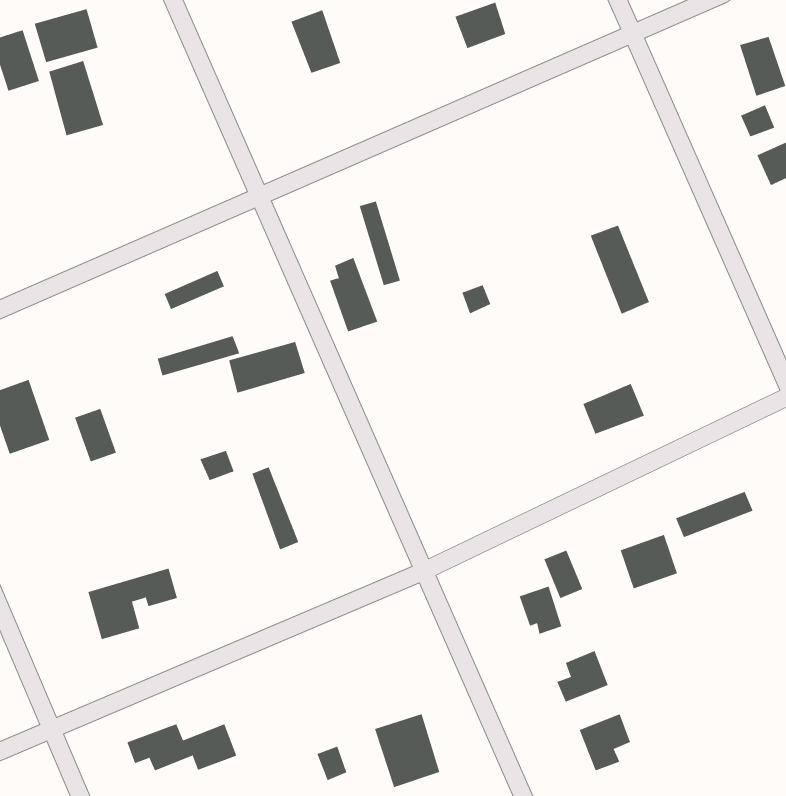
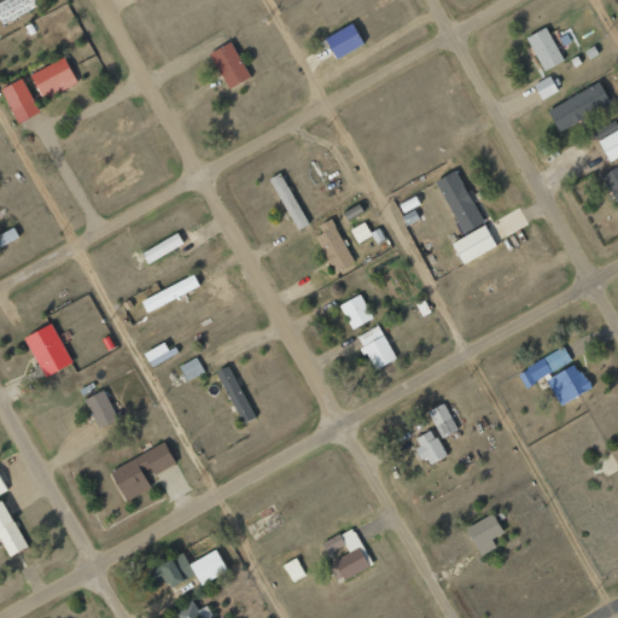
building: [49,60,104,136] -> none
building: [329,257,378,332] -> [317,217,355,270]
building: [228,341,305,393] -> none
building: [582,383,645,434] -> [453,225,497,263]
building: none -> [340,293,374,328]
building: [74,408,117,462] -> [86,390,118,428]
building: none -> [358,325,396,369]
building: [620,534,678,589] -> [548,363,590,404]
building: [557,650,609,702] -> none

